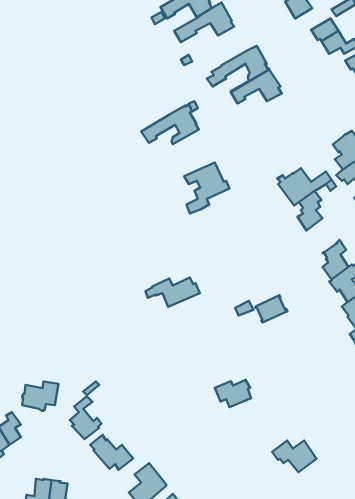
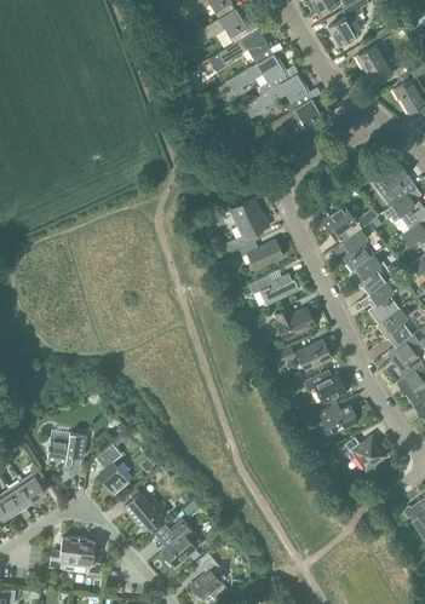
building: [141,104,199,144] -> [226,52,288,94]
building: none -> [239,240,283,270]
building: none -> [350,254,384,295]
building: none -> [275,307,315,339]
building: [145,277,200,307] -> [241,274,299,305]
building: none -> [304,373,345,401]
building: [215,380,251,407] -> [317,404,356,433]
building: [272,441,316,472] -> [338,436,385,470]

